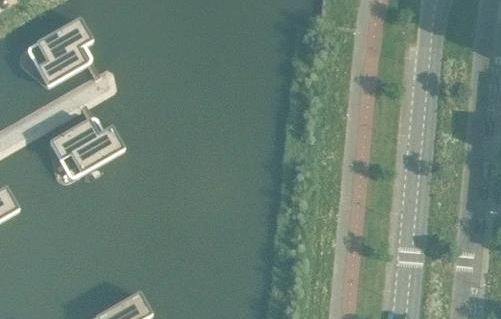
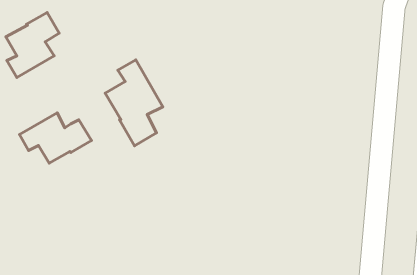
building: none -> [105,60,163,146]

